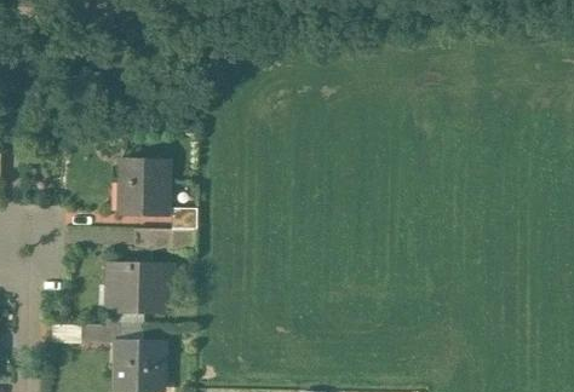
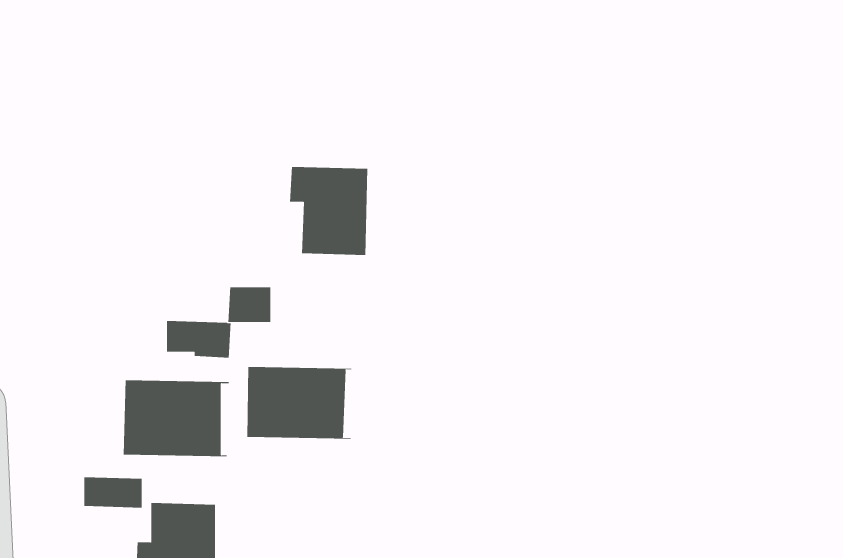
building: [120,158,168,213] -> [289,167,368,256]
building: none -> [247,366,352,439]

